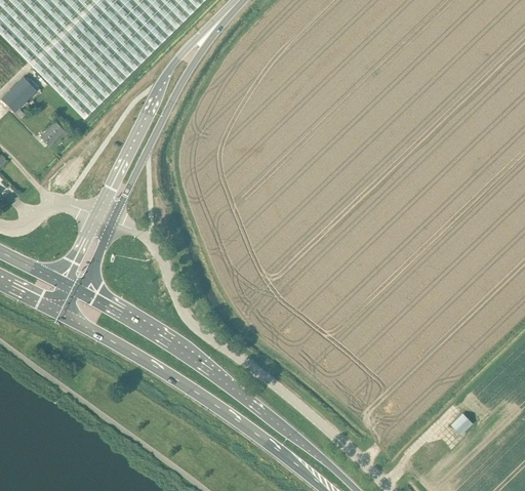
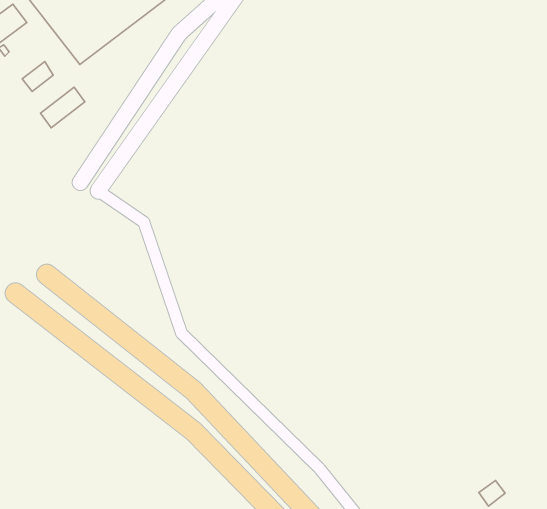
building: none -> [41,87,85,128]

